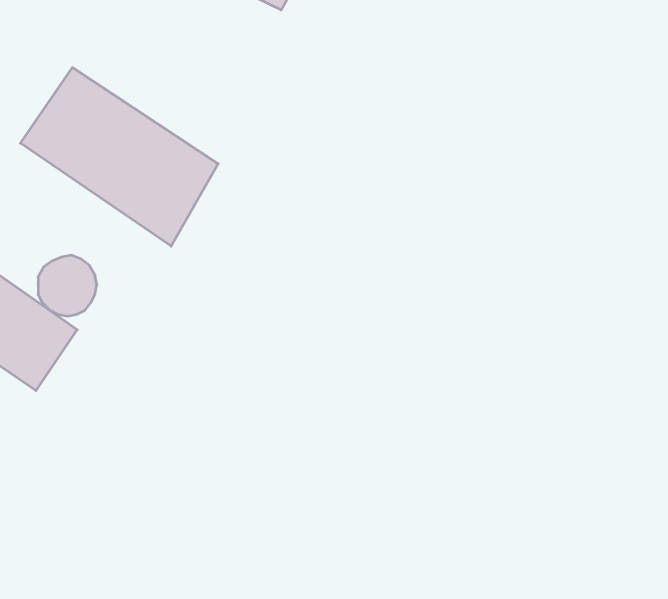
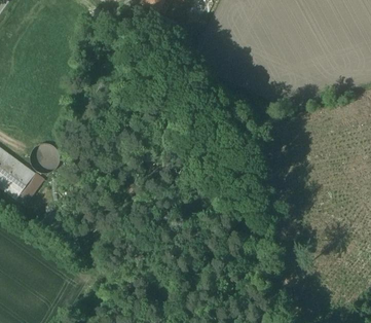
building: [20,68,218,246] -> none

